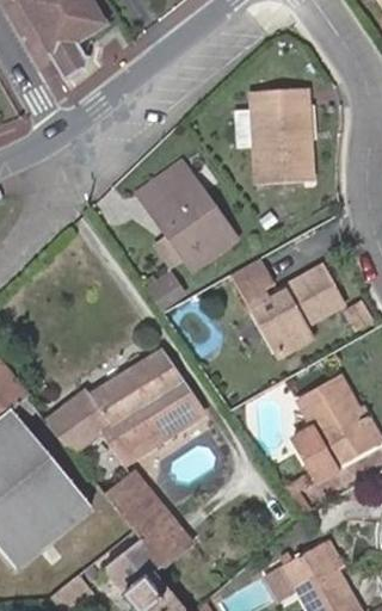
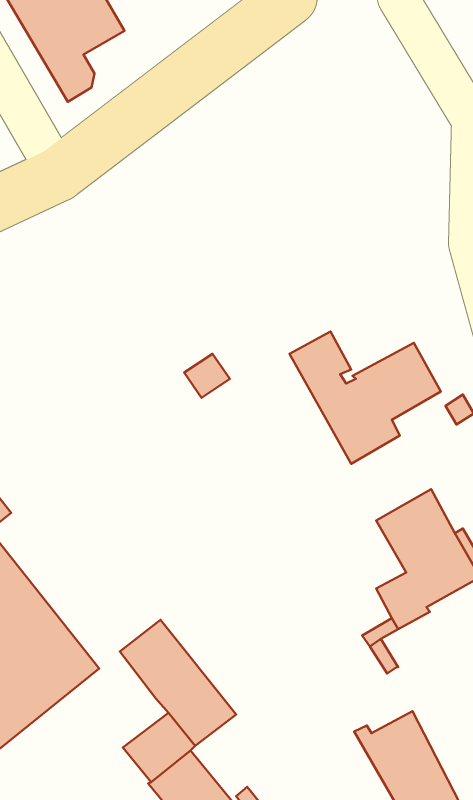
building: [255,85,313,179] -> none
building: [142,160,240,266] -> none
building: [45,352,199,467] -> none

